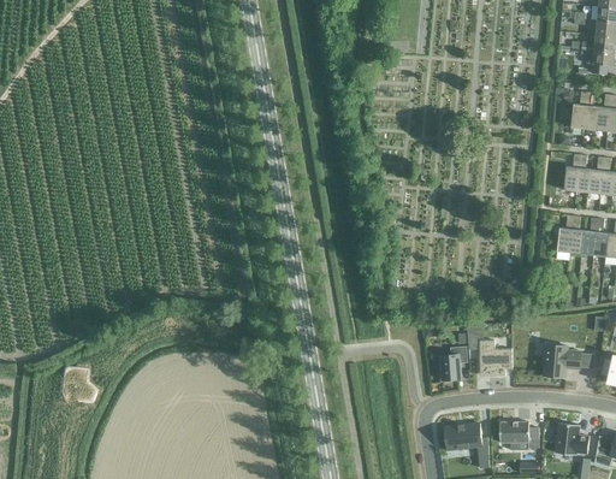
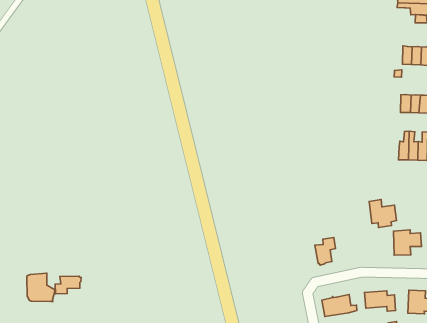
building: [479,339,513,375] -> [369,200,397,227]
building: none -> [55,276,81,294]

